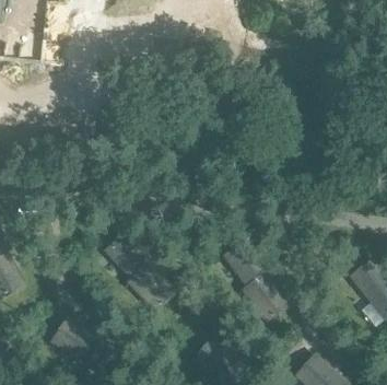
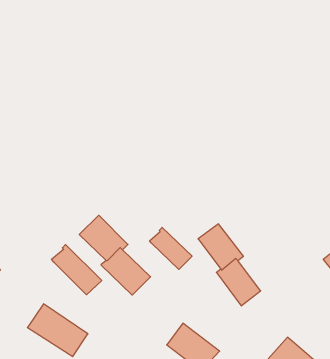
building: none -> [150,227,192,269]
building: none -> [52,245,102,295]

